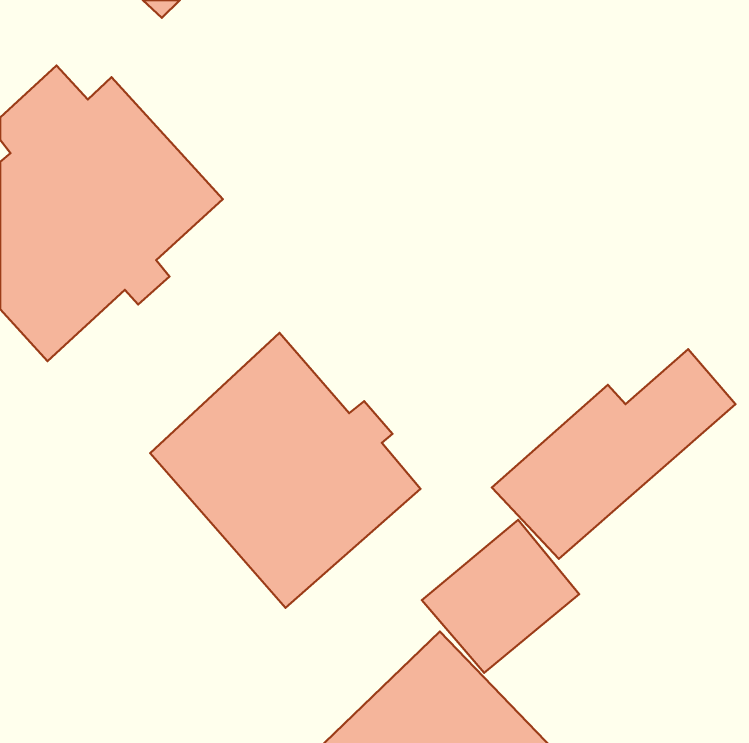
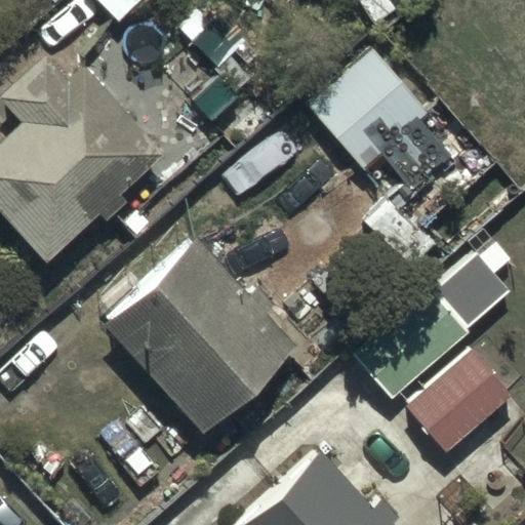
building: none -> [308,48,431,171]
building: [422,520,579,673] -> [405,350,514,455]

